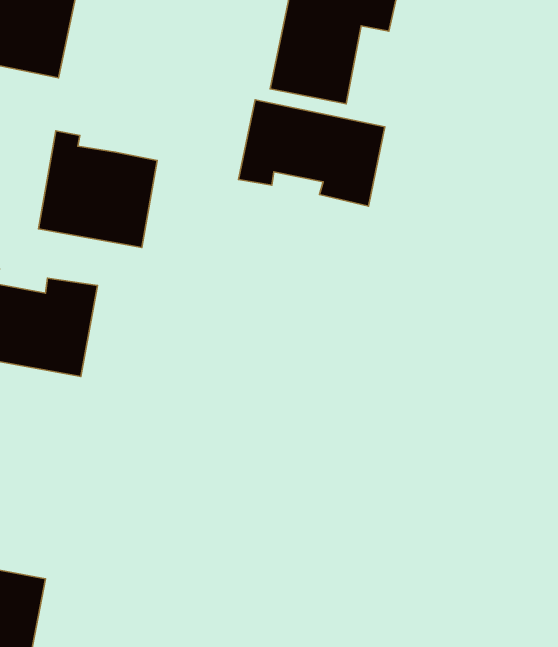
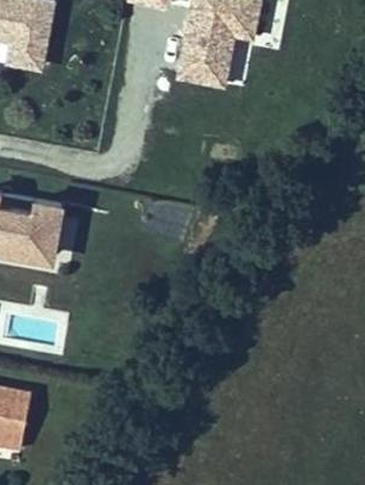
building: [239,100,385,206] -> none
building: [39,131,157,248] -> none

